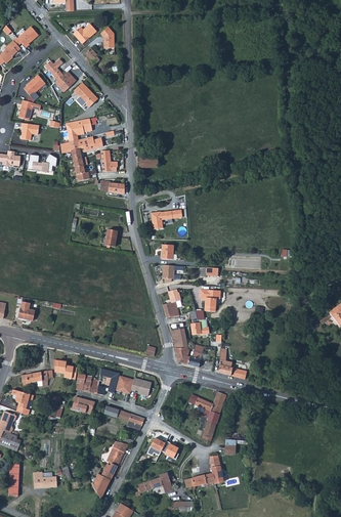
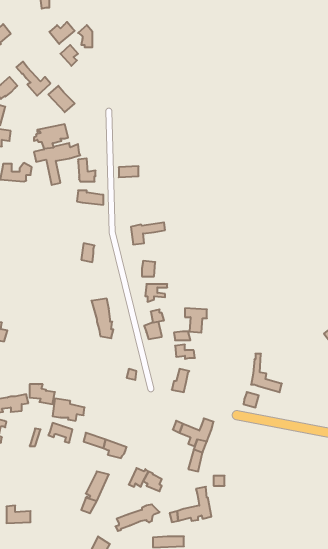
building: [169,329,189,365] -> [91,299,113,338]
building: [217,344,246,380] -> [251,354,282,392]
building: [117,376,154,396] -> none

